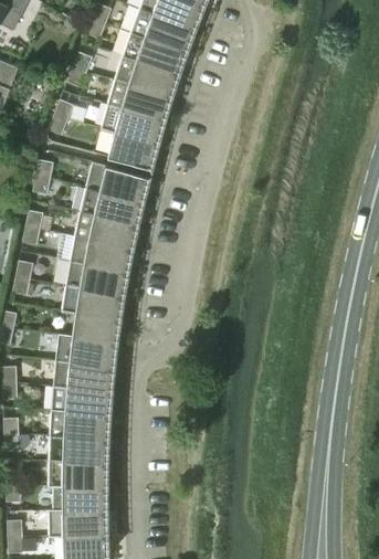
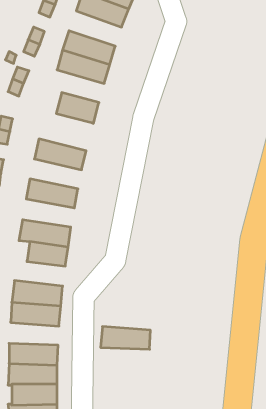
building: [122,32,186,75] -> none
building: [99,104,165,144] -> none
building: [85,162,149,202] -> none
building: [74,212,137,249] -> none
building: [65,261,128,295] -> none
building: [55,335,117,367] -> none
building: [49,411,109,439] -> [101,327,150,349]

